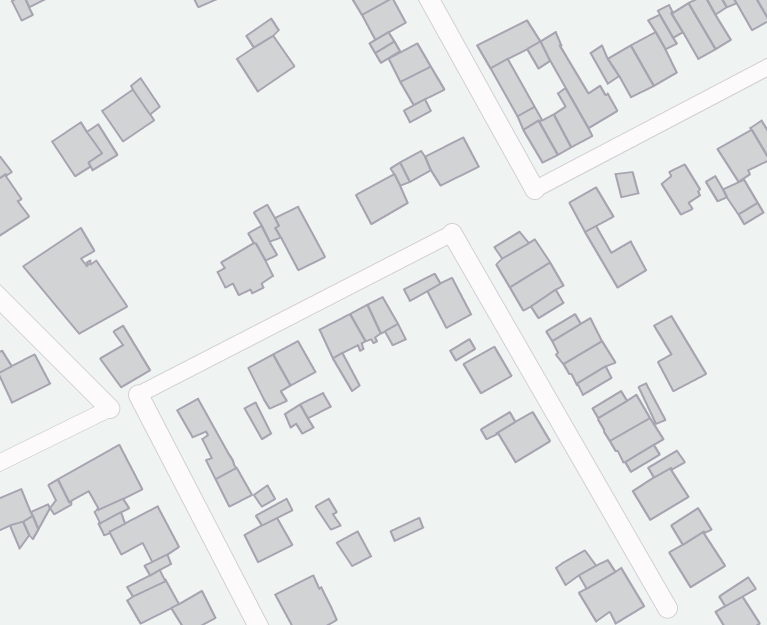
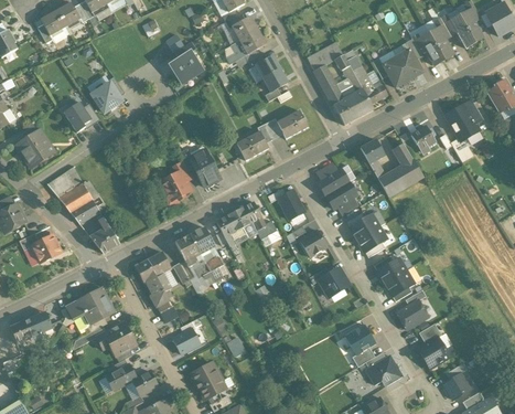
building: [654,316,706,391] -> [393,142,422,185]
building: none -> [147,251,171,291]
building: none -> [344,323,375,354]

